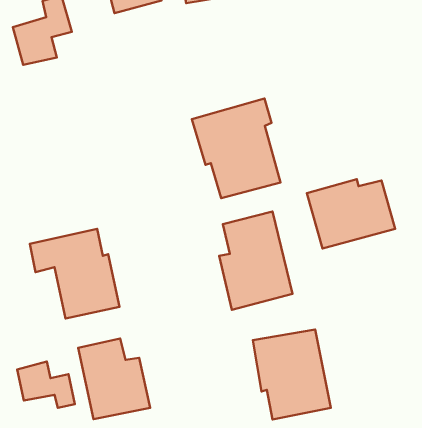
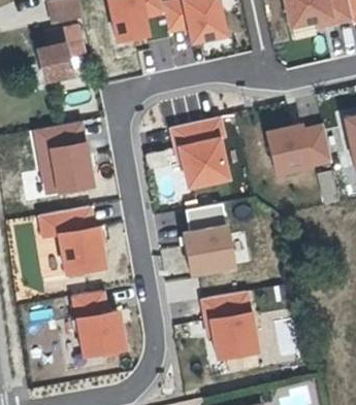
building: none -> [35,120,94,191]
building: [307,179,395,248] -> [266,122,331,172]
building: [17,362,75,408] -> none

